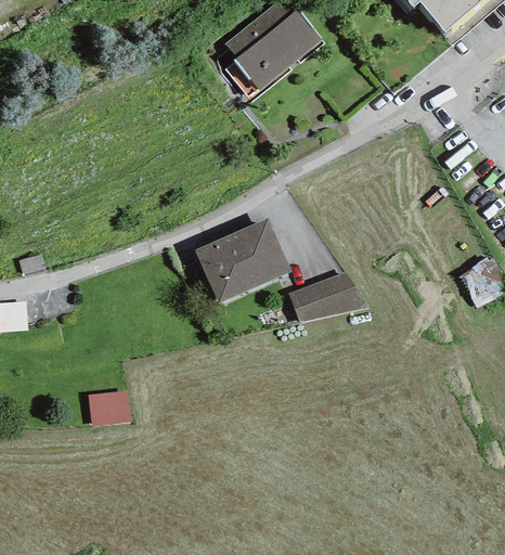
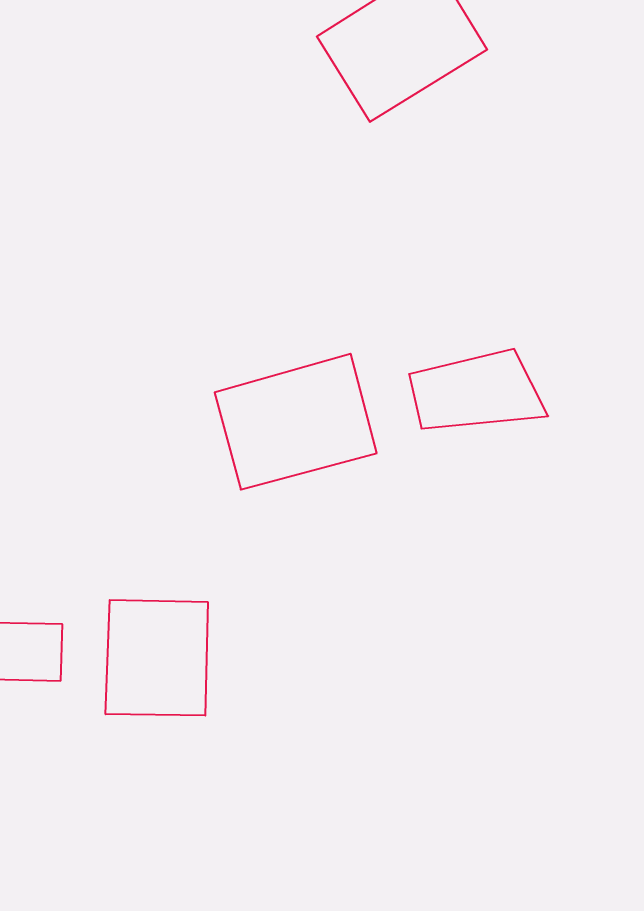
building: [289,272,370,323] -> [409,349,548,429]
building: none -> [106,600,208,716]

